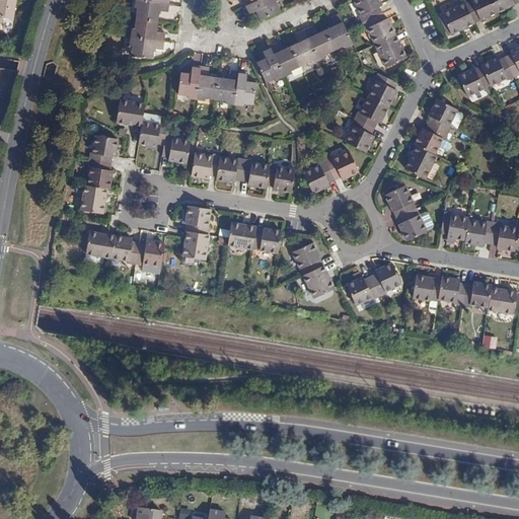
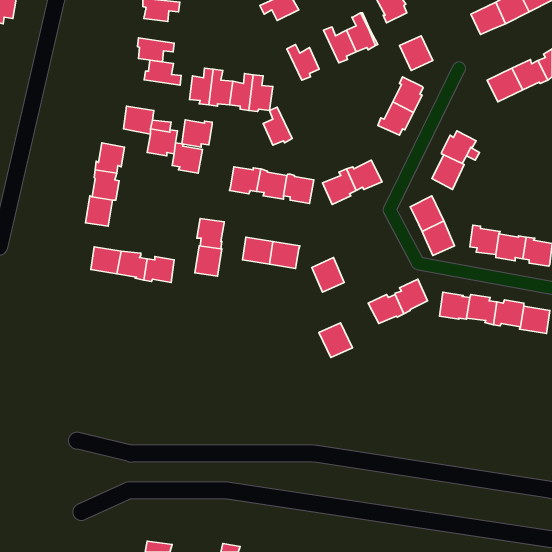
building: [362,12,394,43] -> none
building: [130,17,164,41] -> [144,60,181,85]
building: [290,28,317,65] -> none
building: [255,46,283,81] -> [263,107,292,145]
building: [428,98,456,132] -> none
building: [345,118,374,151] -> none
building: [191,152,219,177] -> [182,120,212,147]
building: [302,265,333,297] -> [319,323,352,358]

